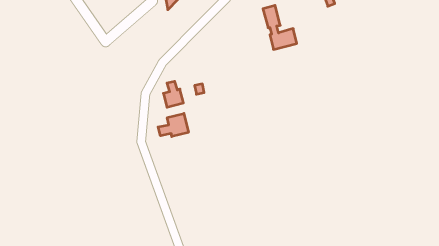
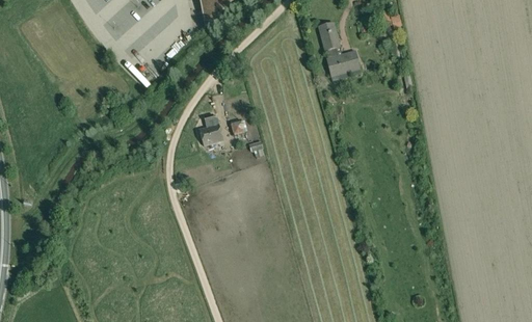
building: [158,113,188,137] -> none

